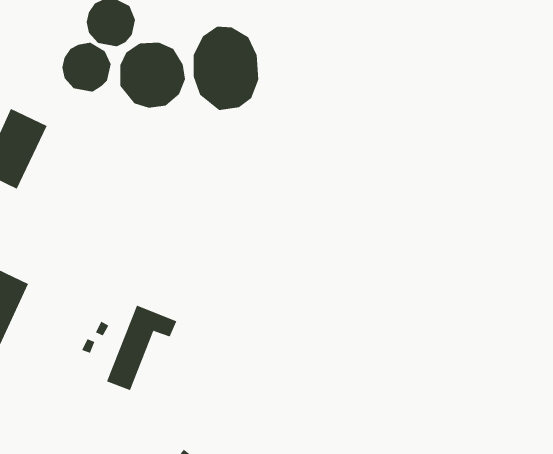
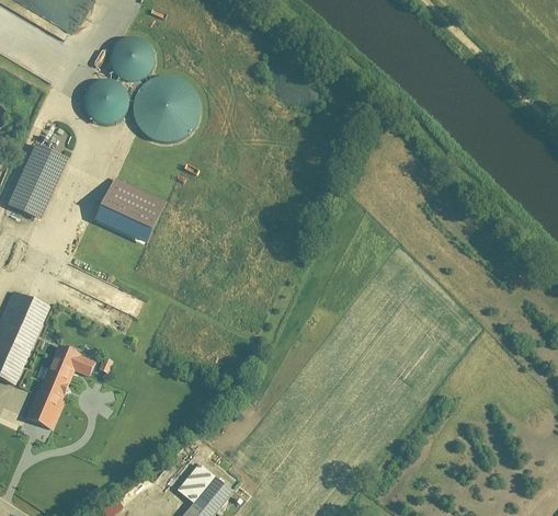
building: [193,26,259,111] -> none
building: none -> [94,175,164,242]
building: [106,305,177,391] -> [29,345,95,426]

